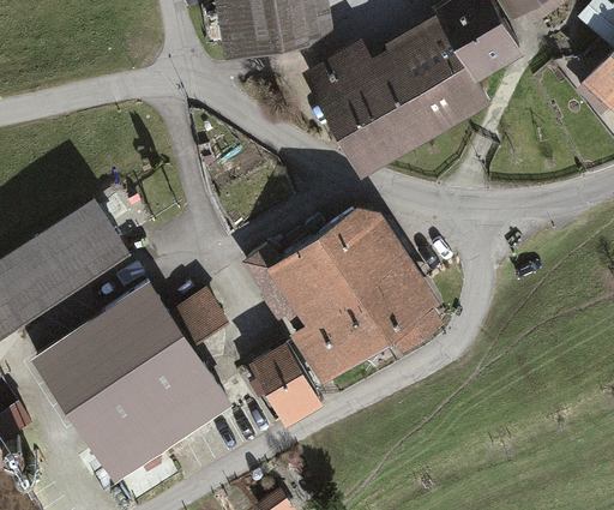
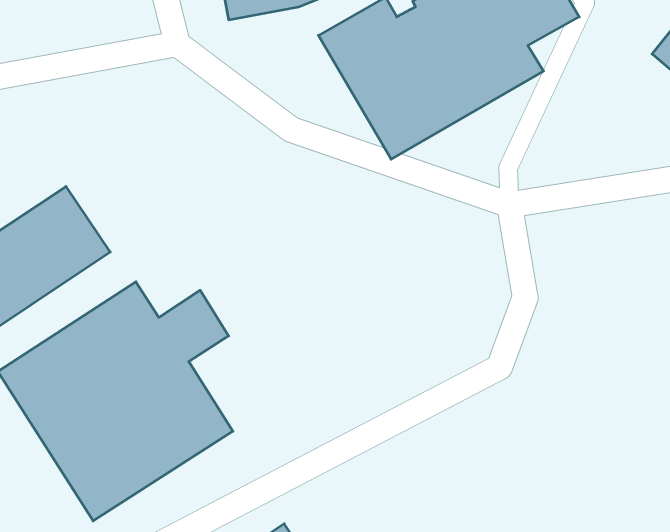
building: [240,208,450,386] -> none
building: [247,342,327,431] -> none

